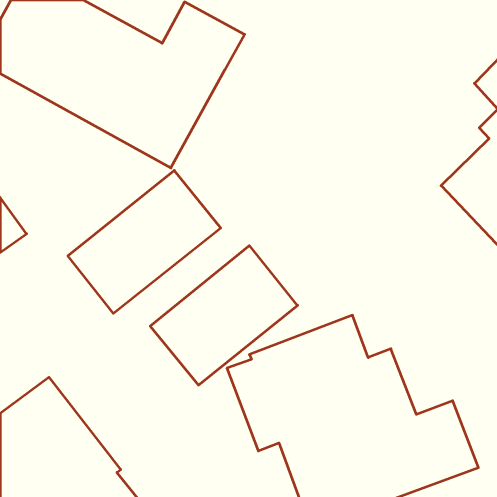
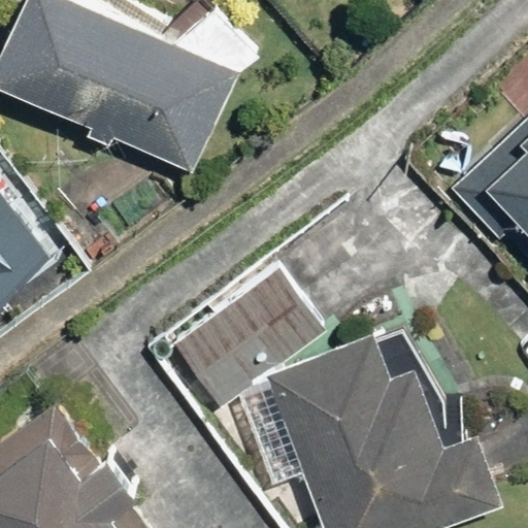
building: [68,170,221,313] -> none

